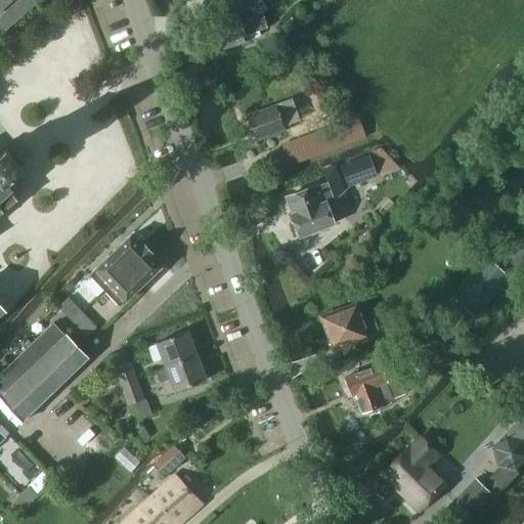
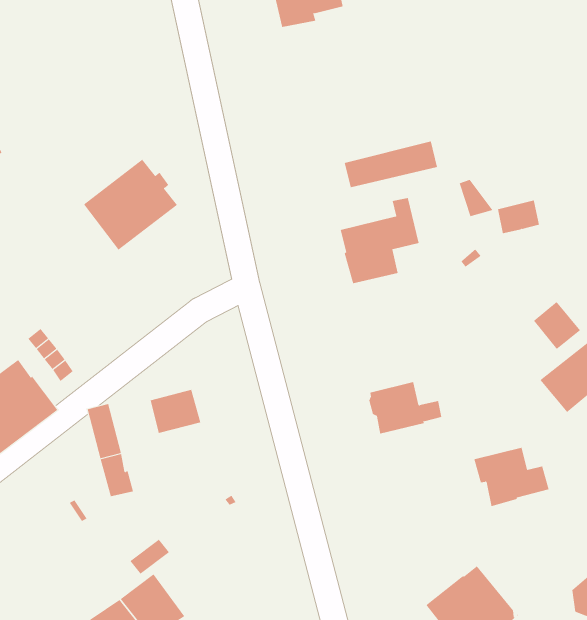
building: [247,99,299,139] -> none
building: [342,157,376,185] -> [497,200,540,234]
building: none -> [533,301,581,350]
building: [89,235,161,307] -> [83,159,178,250]
building: [157,355,207,391] -> none
building: [345,364,405,412] -> [474,447,550,507]

